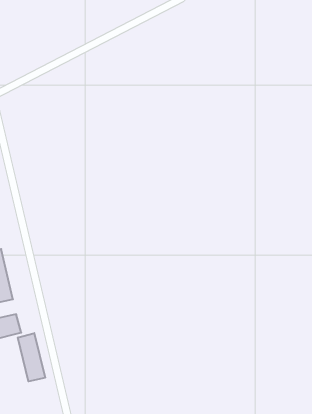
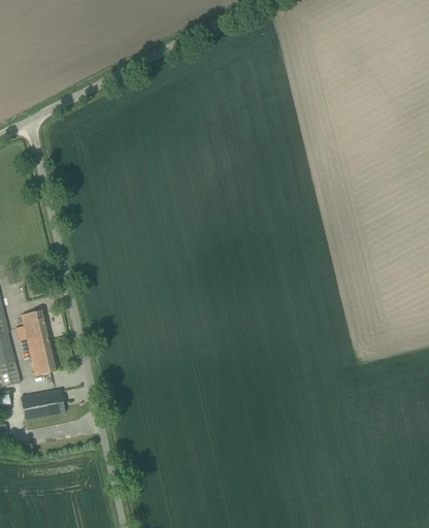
building: [18,333,45,381] -> none

